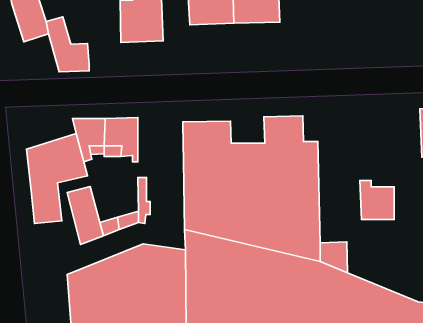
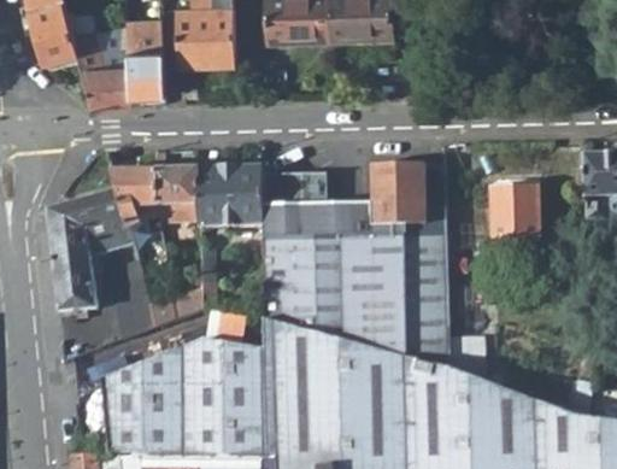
building: none -> [130,14,164,93]
building: none -> [200,165,263,225]
building: [360,181,394,219] -> [492,187,539,240]

